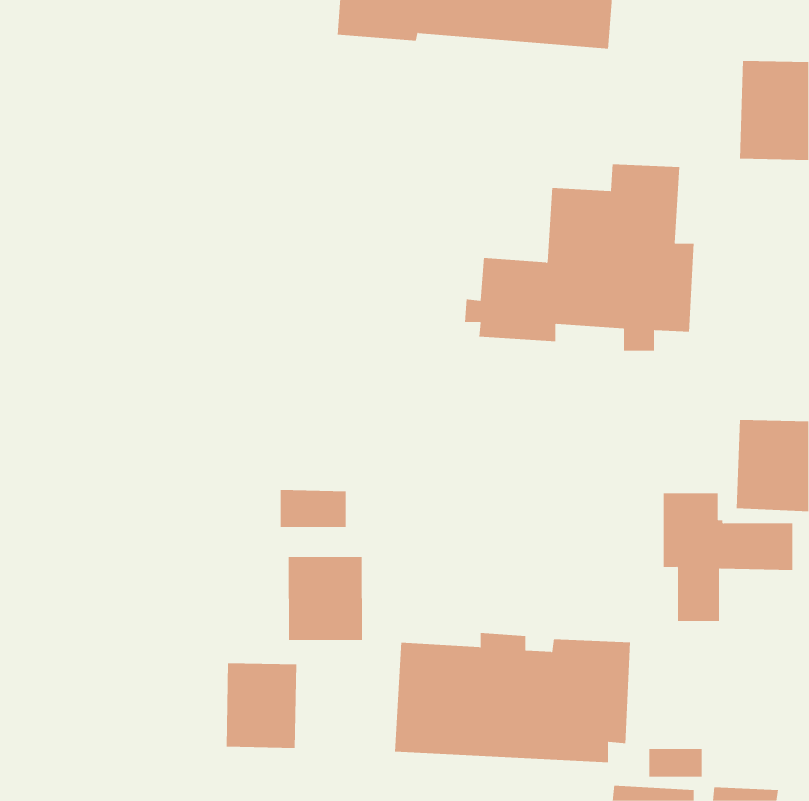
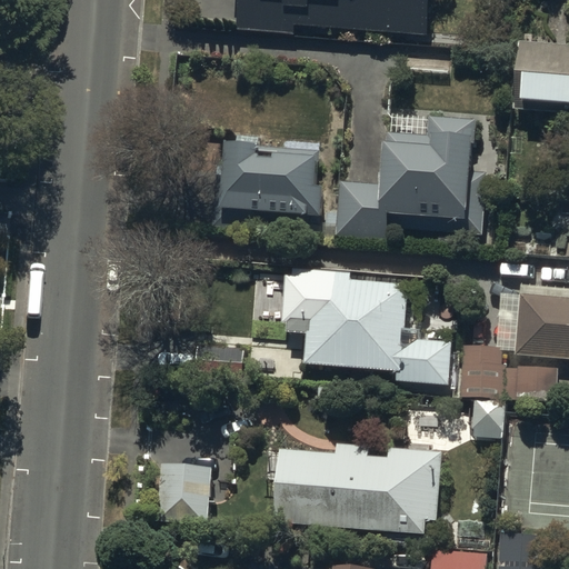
building: none -> [214,131,323,229]
building: none -> [290,267,457,389]
building: [288,556,363,641] -> none

